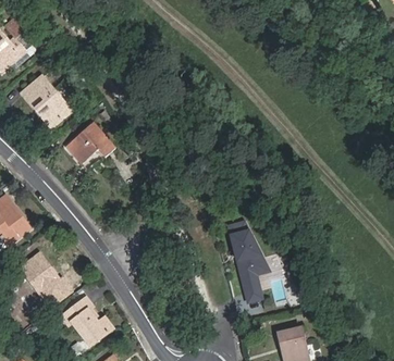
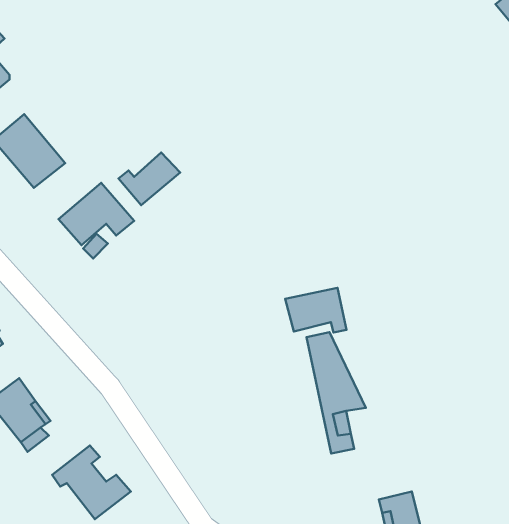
building: none -> [119,152,180,205]
building: none -> [285,288,346,333]

